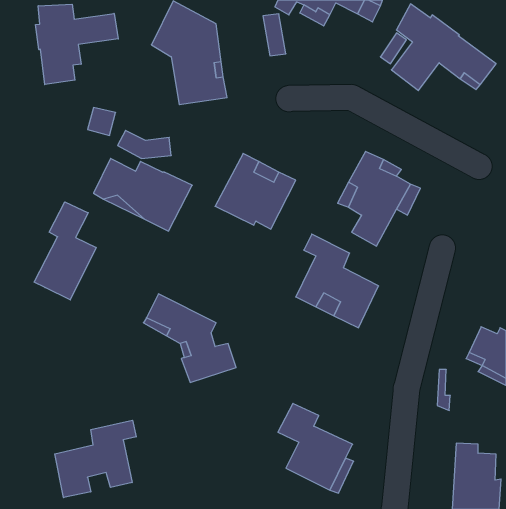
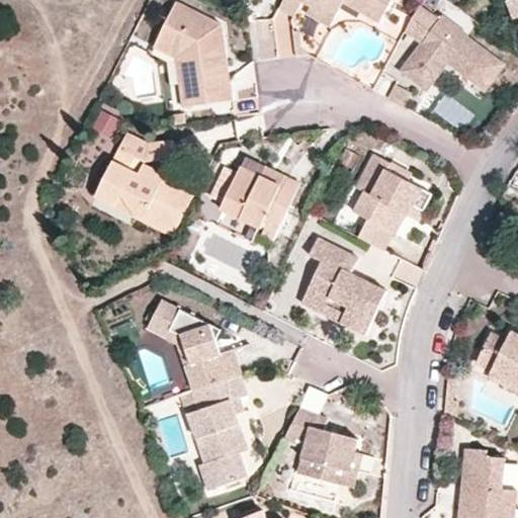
building: [36,4,118,85] -> none
building: [34,202,96,300] -> none
building: none -> [186,373,248,489]
building: [55,420,136,498] -> none

